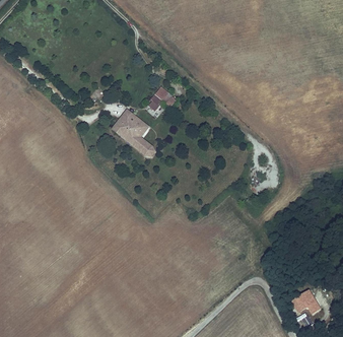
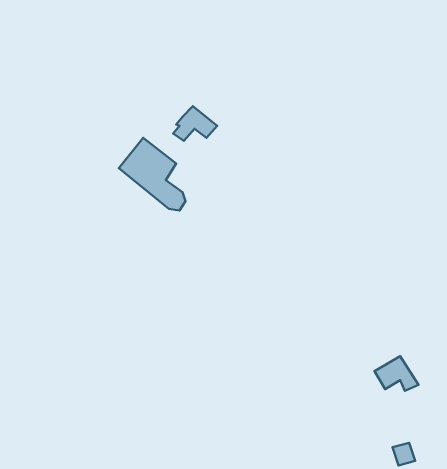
building: [290,288,320,312] -> [375,356,418,391]

